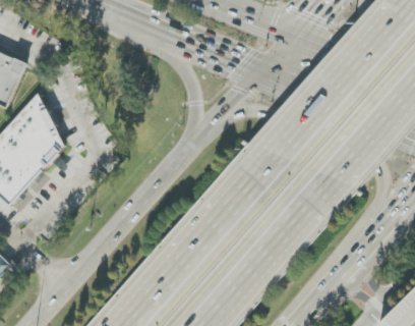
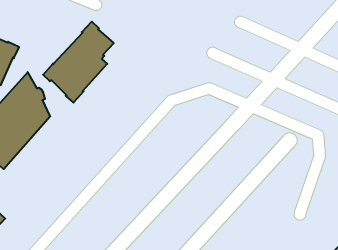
building: none -> [43,22,114,103]

